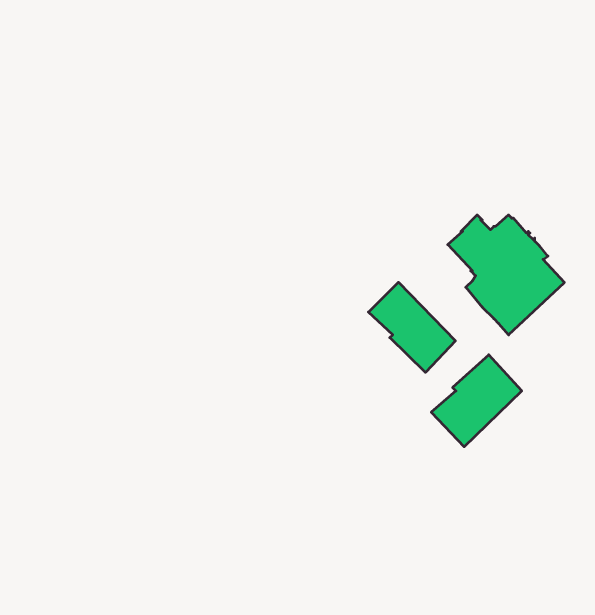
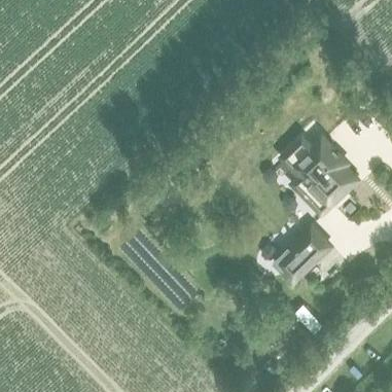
building: [368,282,455,372] -> none

